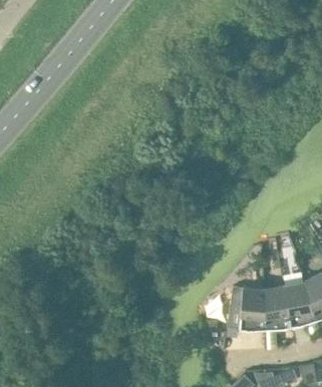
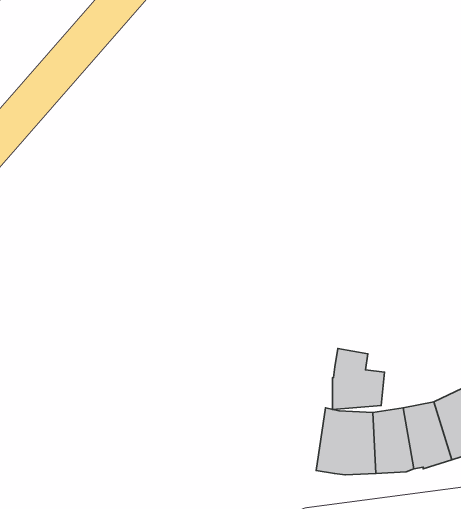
building: none -> [332,349,384,410]

